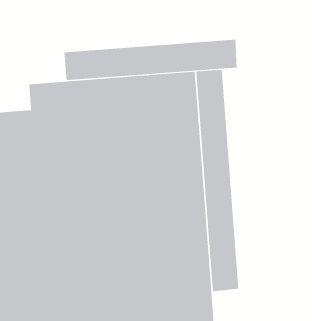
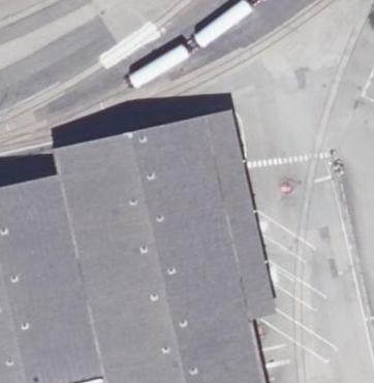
building: [64,39,237,81] -> none

